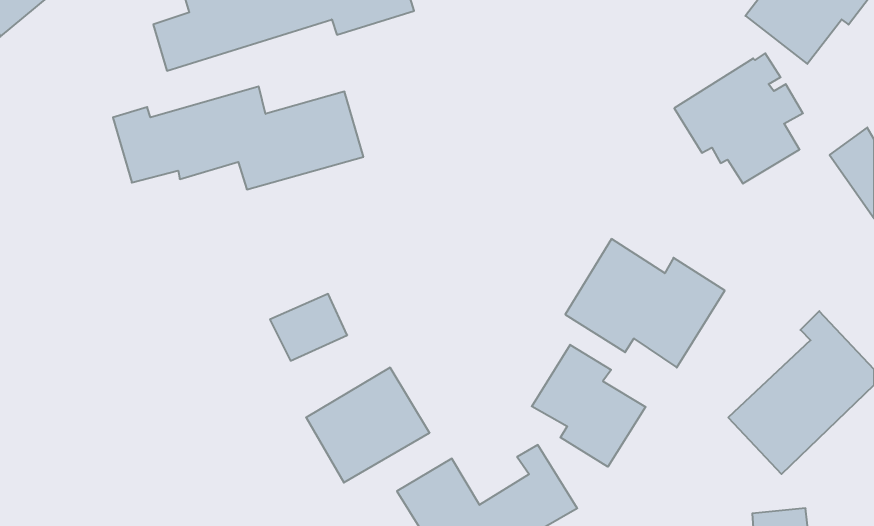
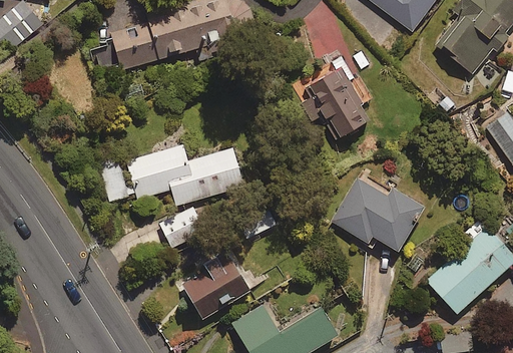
building: [674,53,803,184] -> [296,62,371,138]
building: [113,86,363,189] -> [98,144,244,205]
building: [532,345,646,467] -> none

